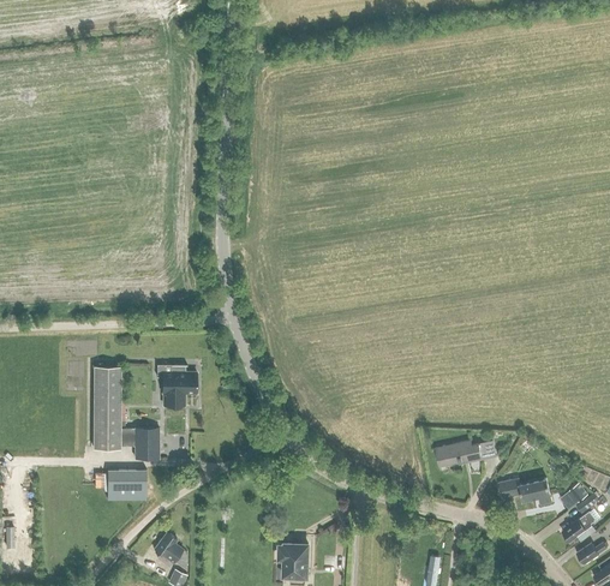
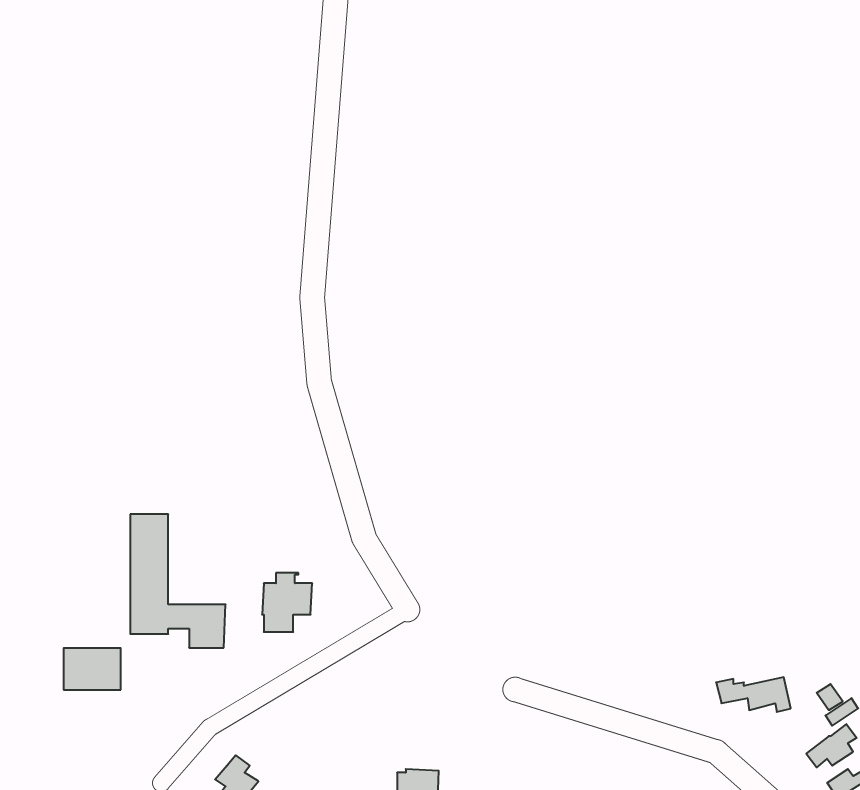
building: [162,365,197,406] -> [262,573,312,632]
building: [436,440,492,467] -> none
building: [107,471,146,500] -> [64,648,121,690]

